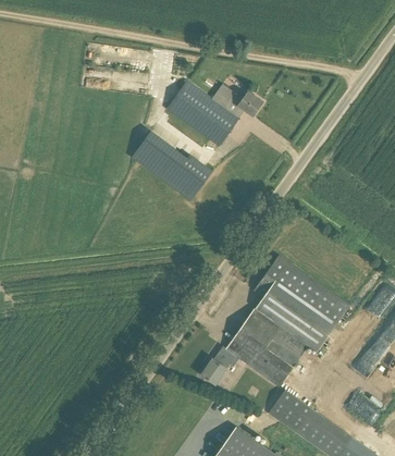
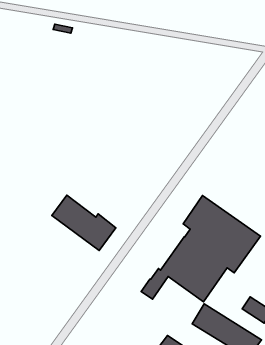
building: [168,81,263,146] -> none
building: [133,132,212,200] -> [52,195,116,251]

